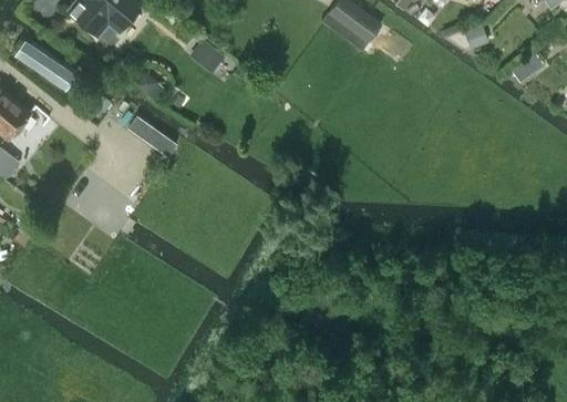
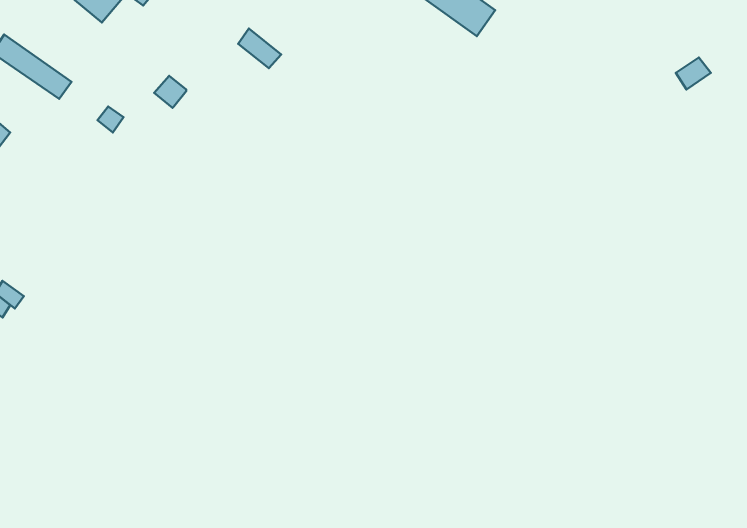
building: [130,117,182,158] -> none

